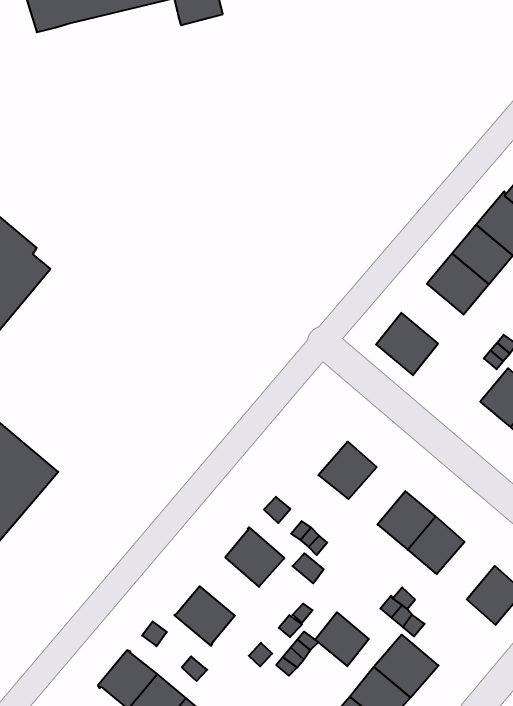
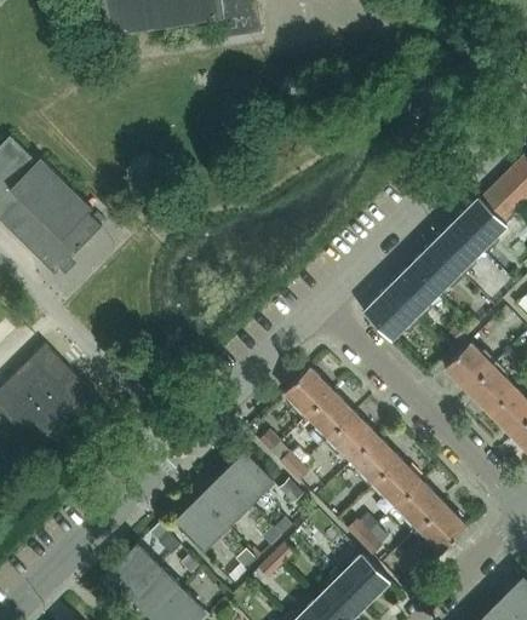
building: none -> [385,266,436,316]
building: none -> [283,367,332,415]
building: none -> [316,413,376,467]
building: none -> [395,481,443,528]
building: none -> [200,476,248,524]
building: [315,612,369,666] -> none

